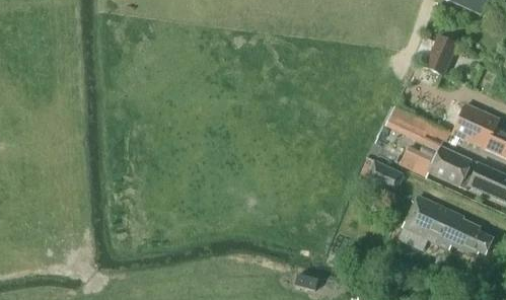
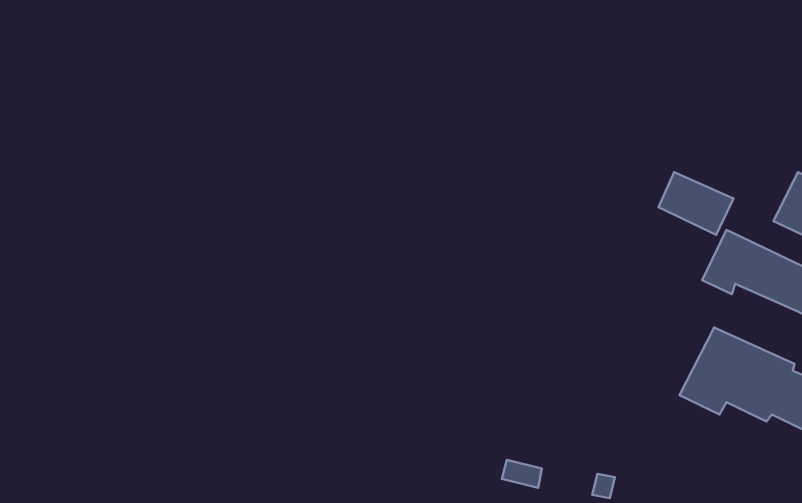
building: [424,32,457,74] -> none
building: [366,158,405,191] -> none

